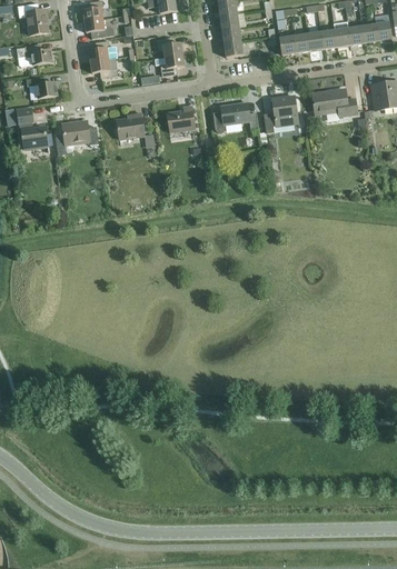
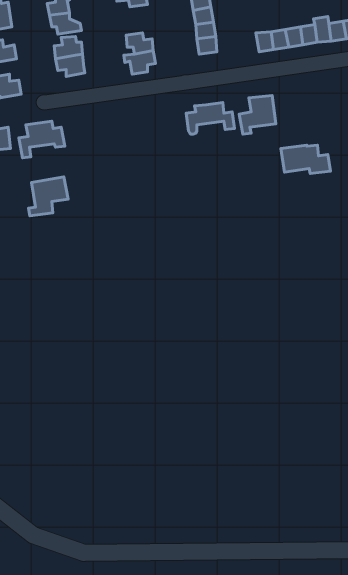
building: [311,89,358,116] -> [281,145,330,173]
building: [167,106,196,131] -> none
building: [117,112,145,138] -> none
building: none -> [29,177,68,216]

